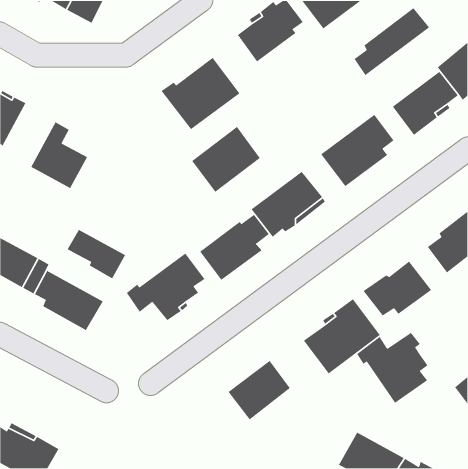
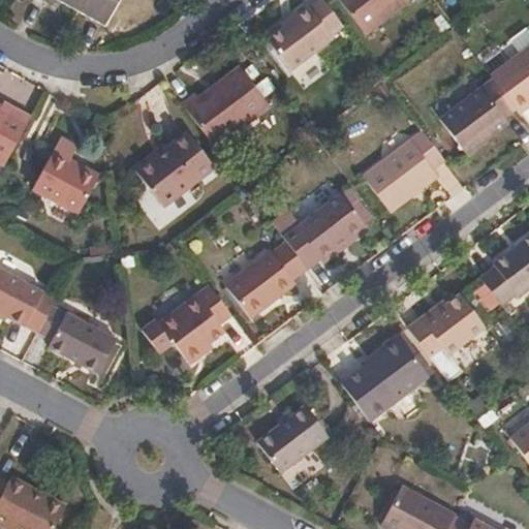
building: [353,7,430,76] -> none
building: [191,126,261,193] -> [135,130,214,206]
building: [67,229,126,279] -> none
building: [356,332,429,404] -> none

